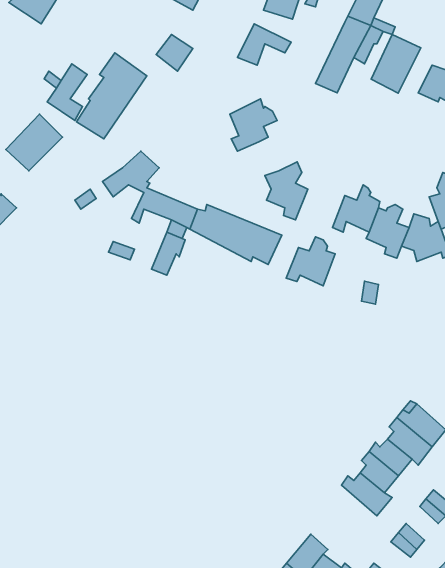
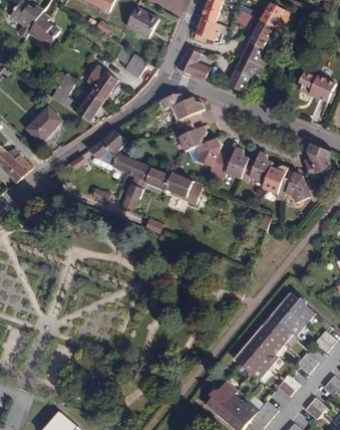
building: [371,35,421,93] -> none
building: none -> [171,124,206,151]
building: [286,237,335,286] -> [215,148,247,180]
building: none -> [238,349,268,380]

